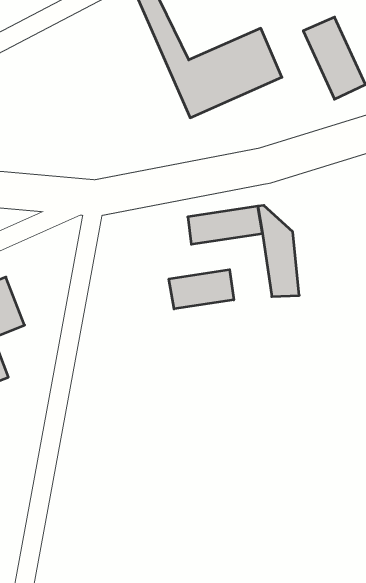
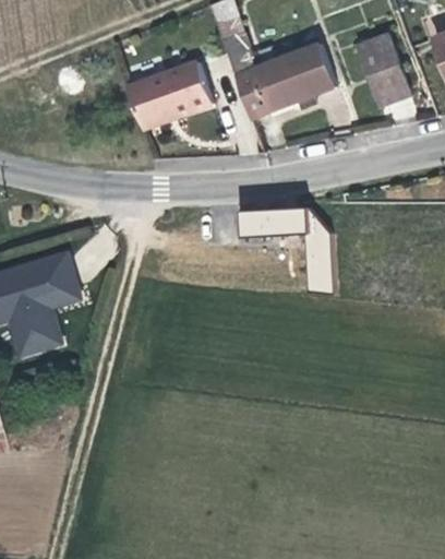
building: none -> [127,57,225,126]
building: [169,270,234,309] -> none

